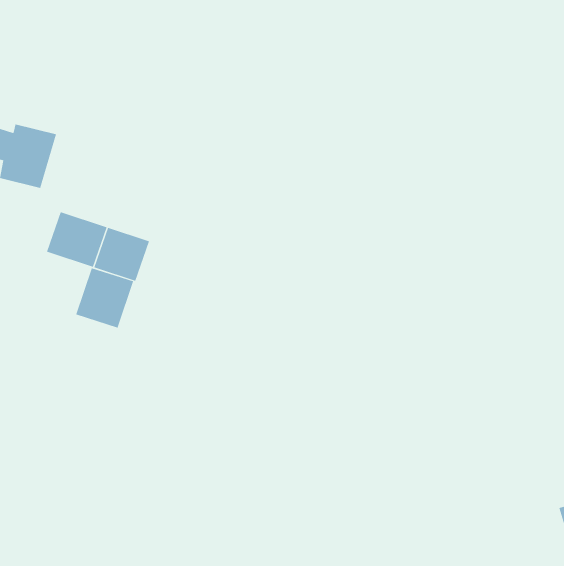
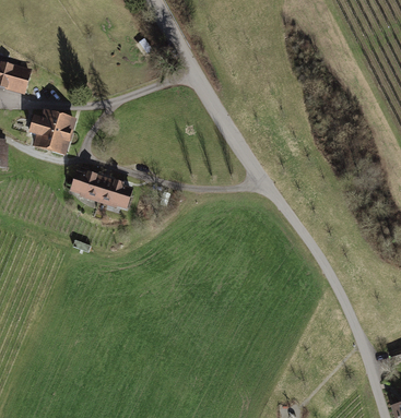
building: [76,267,134,328] -> none

